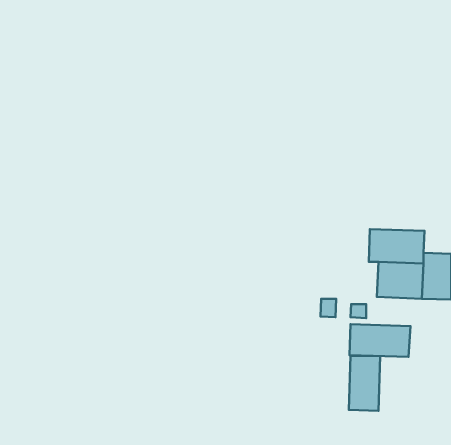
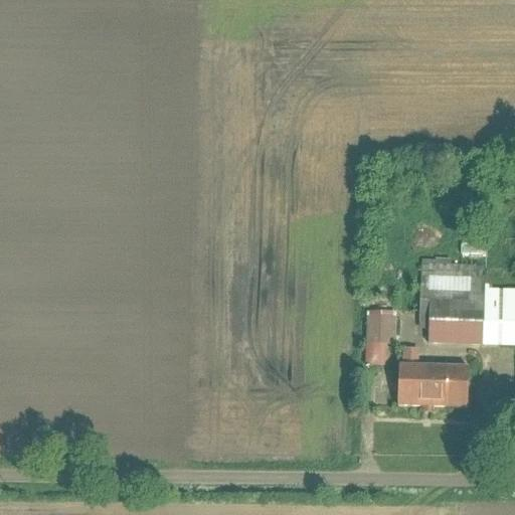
building: none -> [366,311,396,342]
building: [349,356,380,411] -> none

